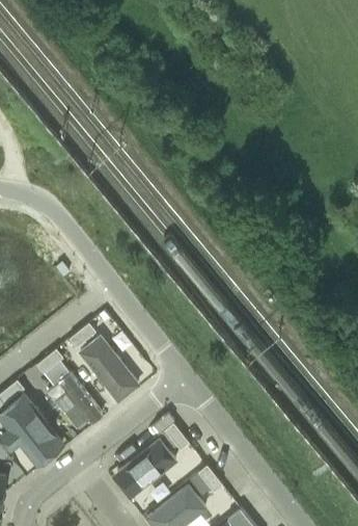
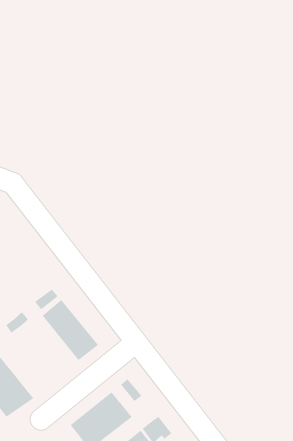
building: [45,367,104,423] -> none

